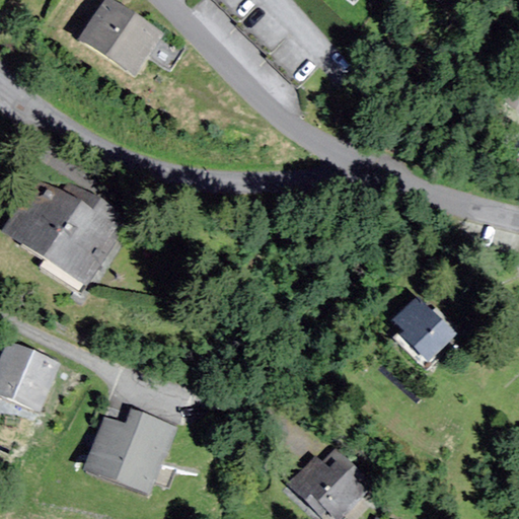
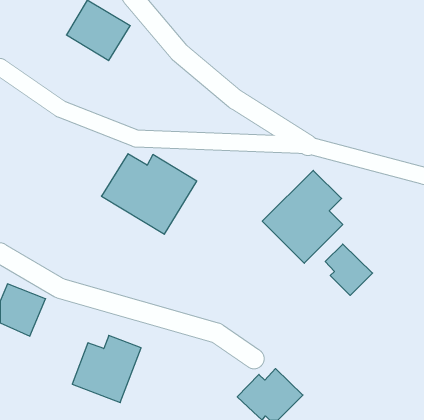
building: [7,181,124,280] -> [101,154,197,234]
building: none -> [262,170,343,263]

